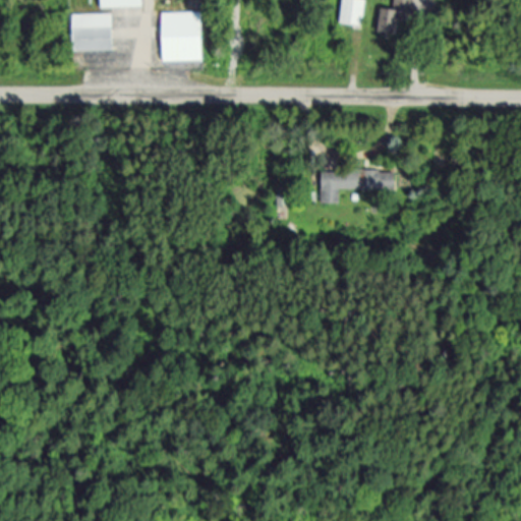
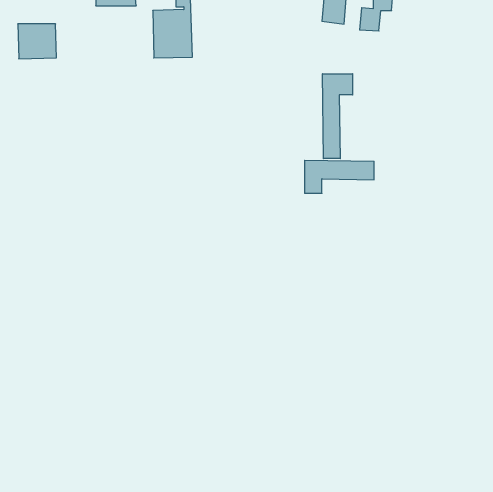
building: [72,13,113,50] -> [18,24,56,59]
building: none -> [323,74,353,159]

